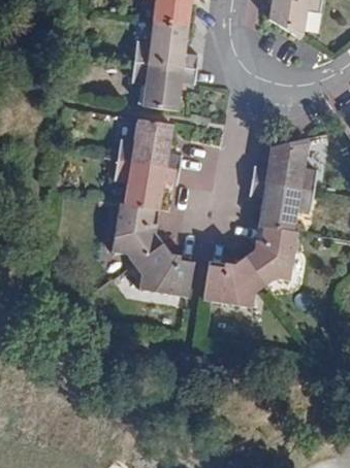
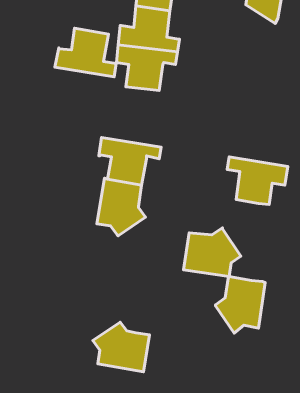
building: [117,118,182,169] -> [55,28,116,77]
building: [252,137,317,190] -> none
building: [245,225,297,285] -> [216,277,265,333]
building: [134,243,194,296] -> [93,322,149,372]

